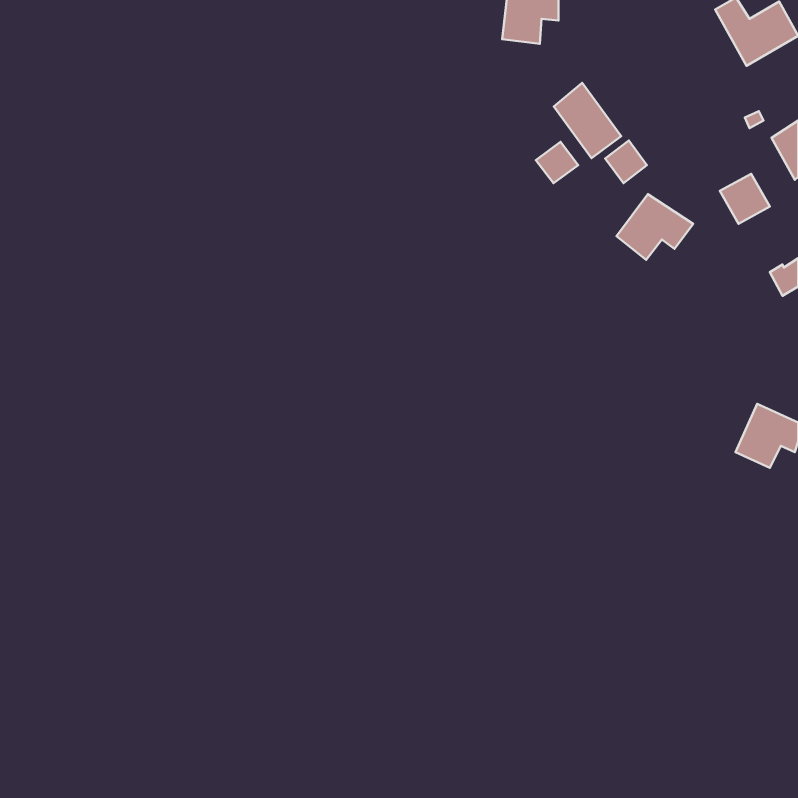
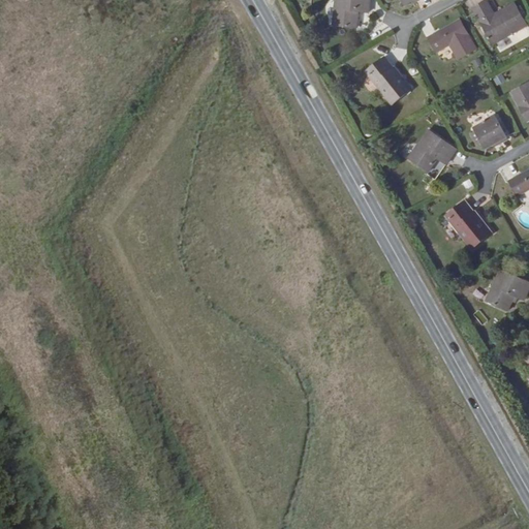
building: none -> [428,21,476,59]
building: [605,140,647,183] -> none
building: [536,142,578,183] -> none
building: none -> [444,199,491,248]

